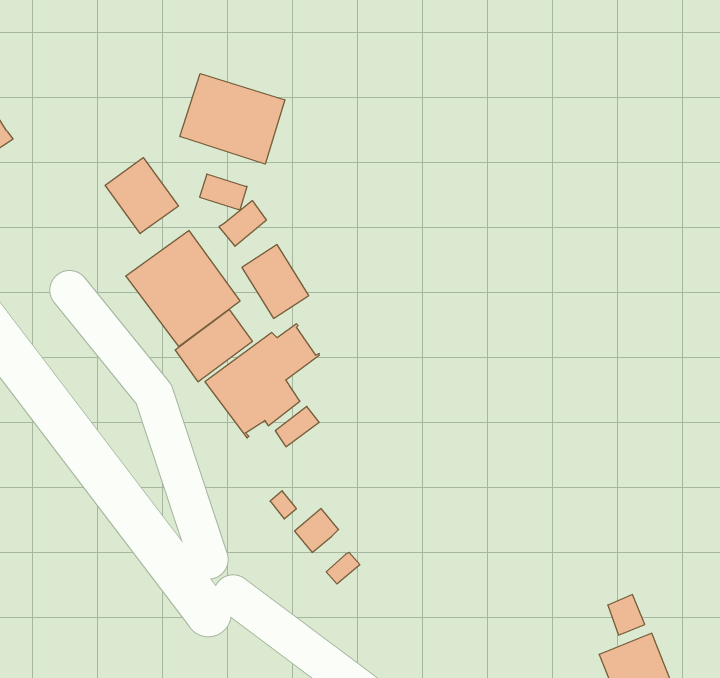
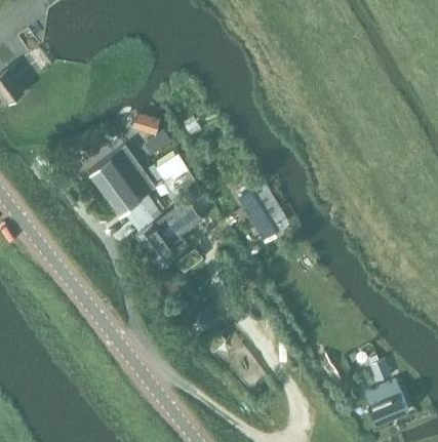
building: [180,74,285,164] -> none
building: [105,158,178,234] -> none
building: none -> [241,182,291,241]

